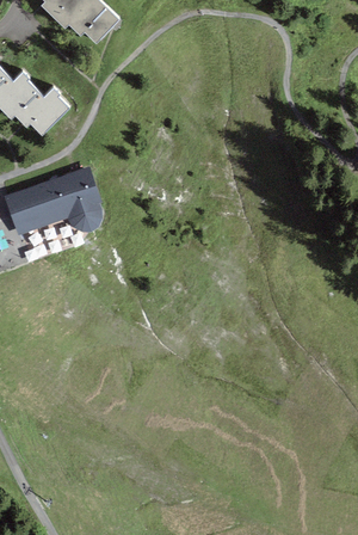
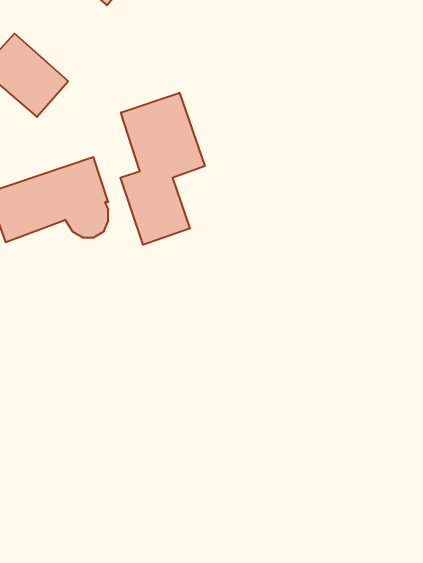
building: none -> [120,93,205,245]

